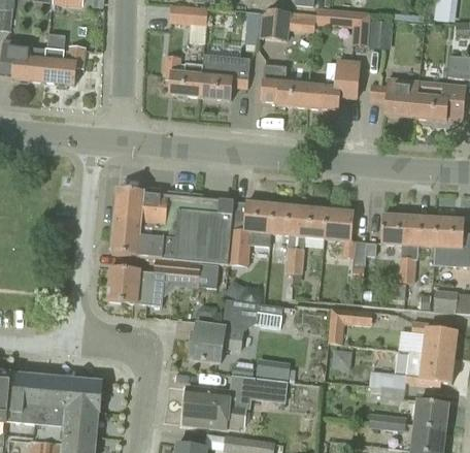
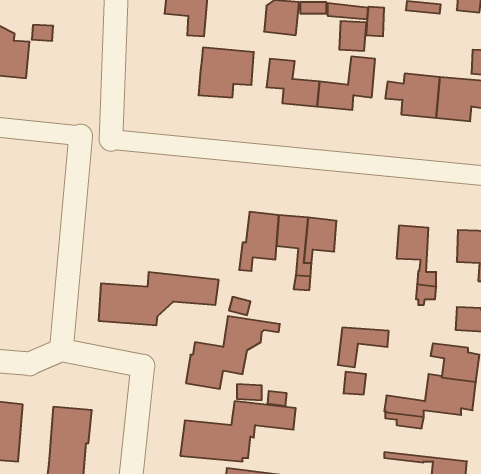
building: [368,21,393,47] -> [339,21,366,51]
building: [42,45,83,84] -> none
building: [163,55,202,96] -> none
building: [113,189,234,263] -> none
building: [323,211,366,265] -> none
building: [406,217,435,257] -> none
building: [35,378,67,431] -> none
building: [368,400,446,429] -> none

